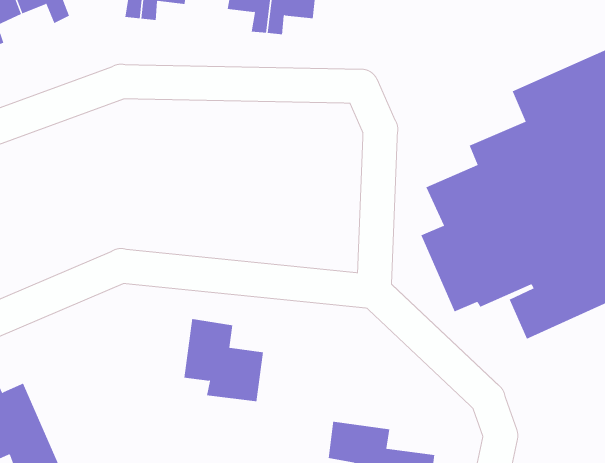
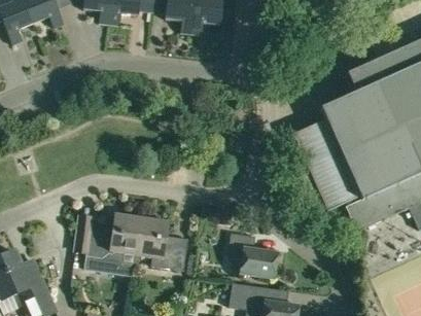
building: none -> [75,213,142,275]
building: none -> [227,233,279,277]

